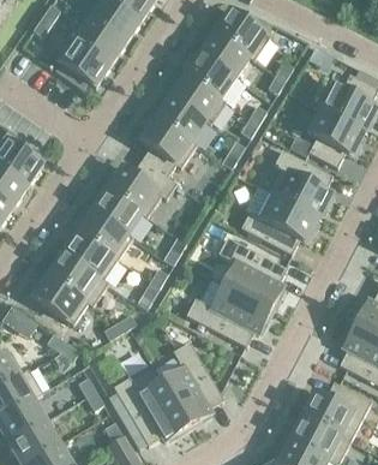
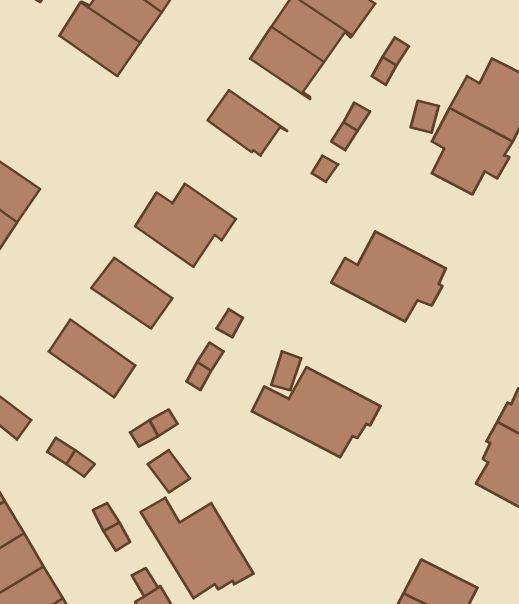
building: [170,76,226,125] -> none
building: [140,118,186,185] -> none
building: [270,150,332,219] -> none
building: [92,190,146,239] -> none
building: [62,232,118,285] -> none
building: [218,238,287,312] -> none
building: [32,275,92,326] -> none
building: [158,339,222,427] -> none
building: [301,382,360,436] -> none

